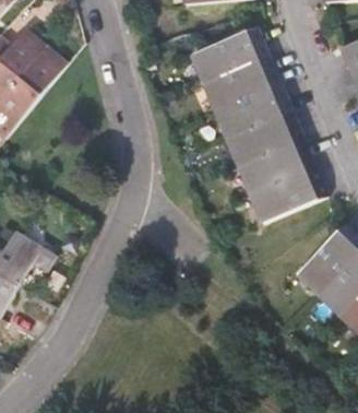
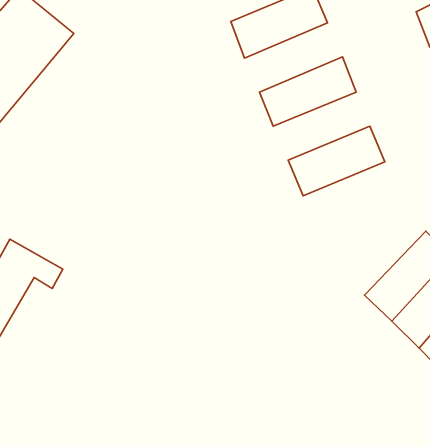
building: [202,56,281,111] -> none
building: [225,111,302,166] -> none
building: [249,167,326,223] -> none

